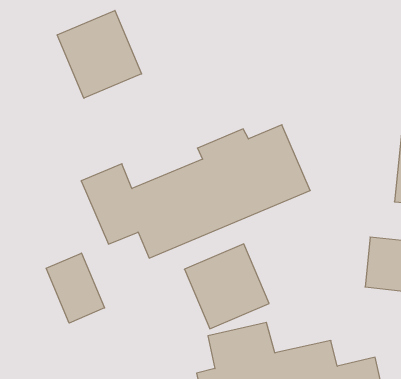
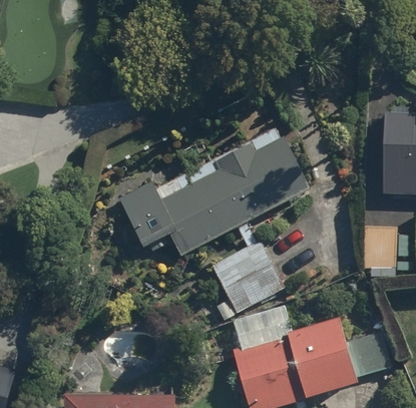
building: [57,10,142,98] -> none
building: [46,253,105,323] -> none

